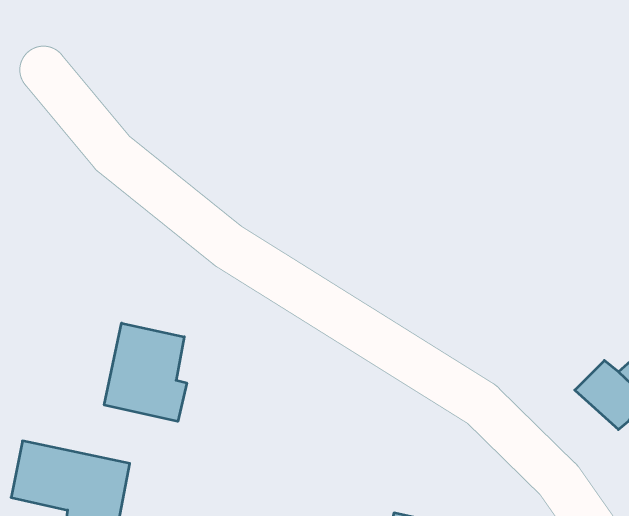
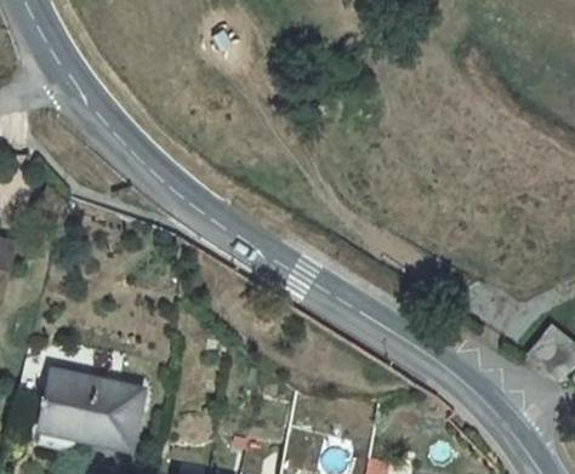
building: [104,323,187,421] -> none

